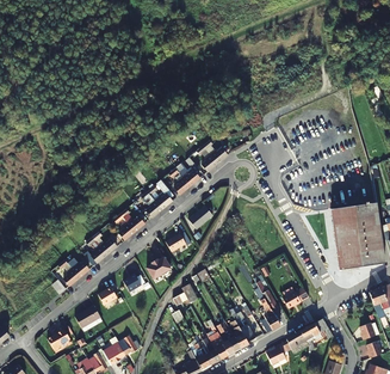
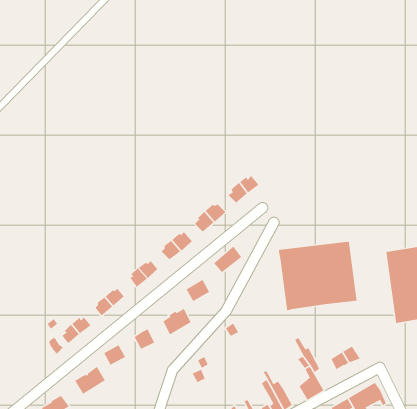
building: none -> [278,241,358,311]

